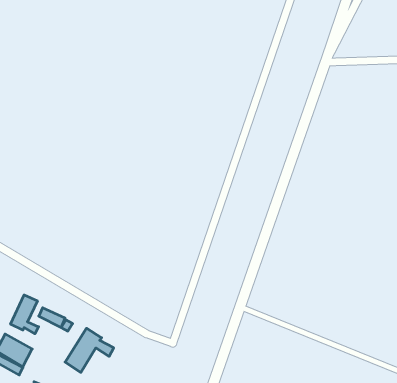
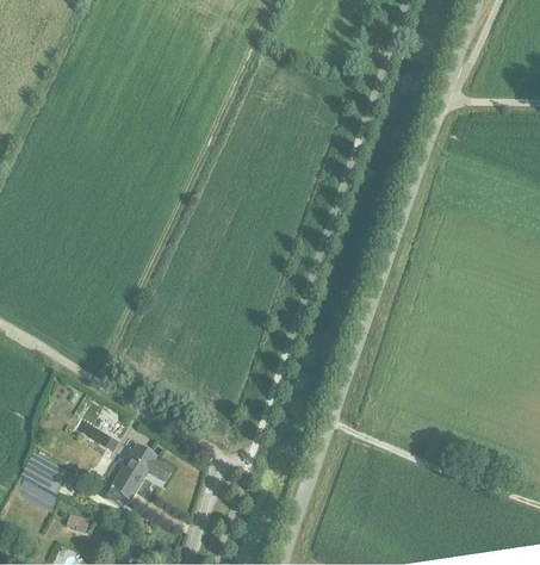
building: [11,295,39,334] -> none

